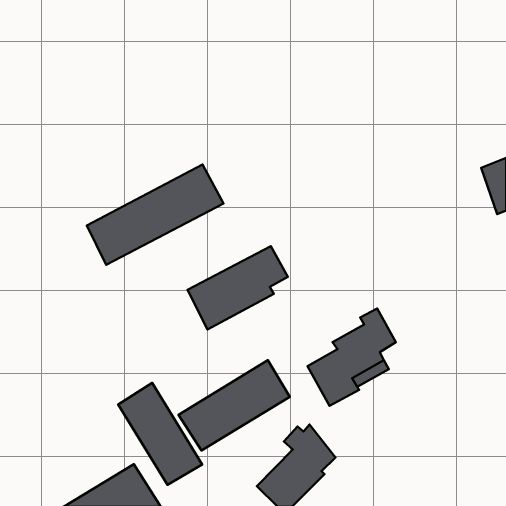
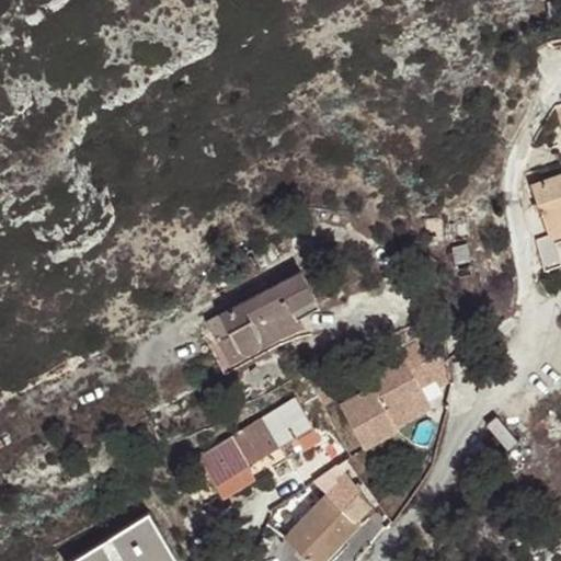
building: [87,165,223,265] -> none
building: [118,383,202,485] -> none

